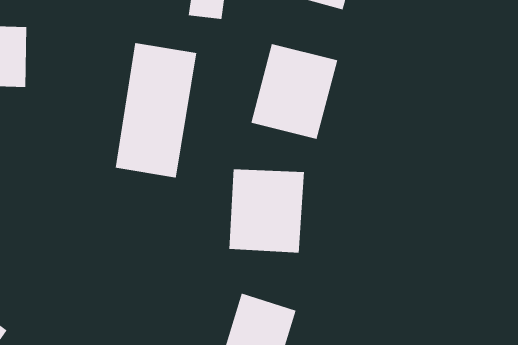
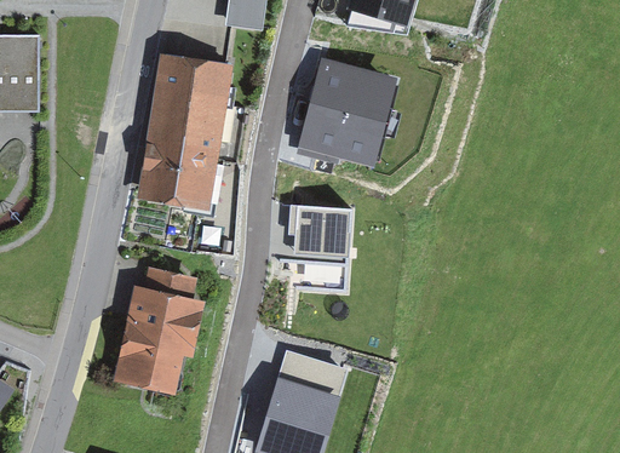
building: none -> [113,269,207,395]

